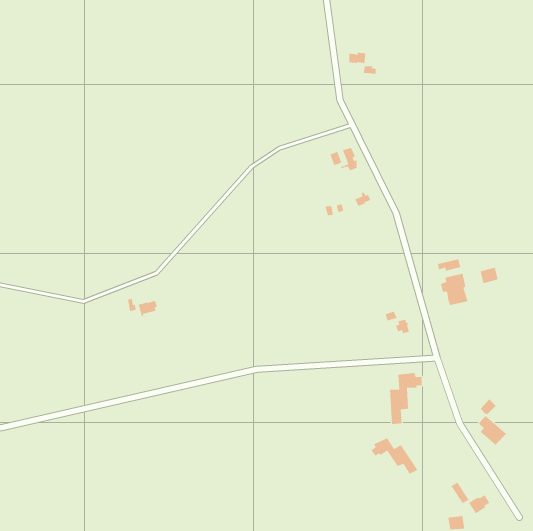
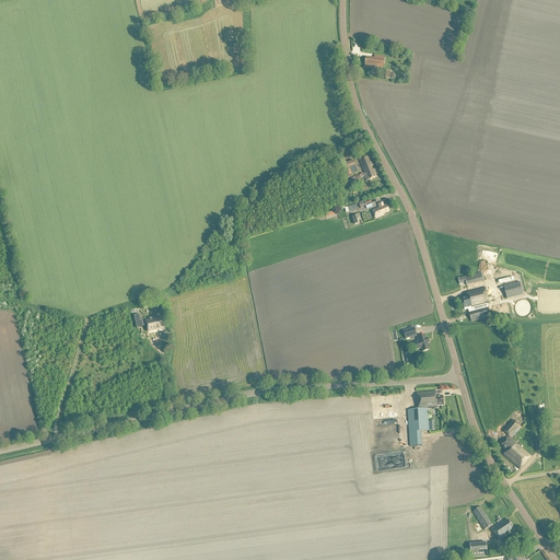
building: [371,437,418,474] -> none

